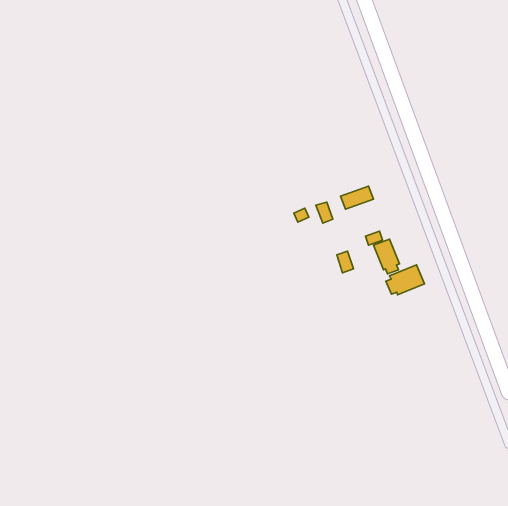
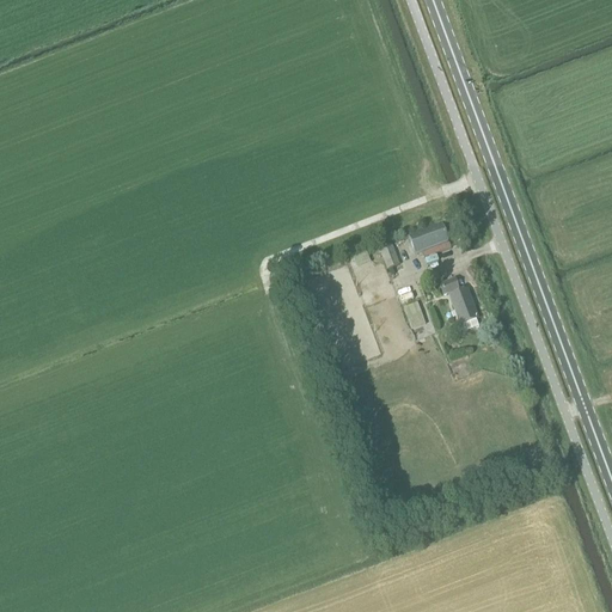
building: [386,265,424,295] -> none

